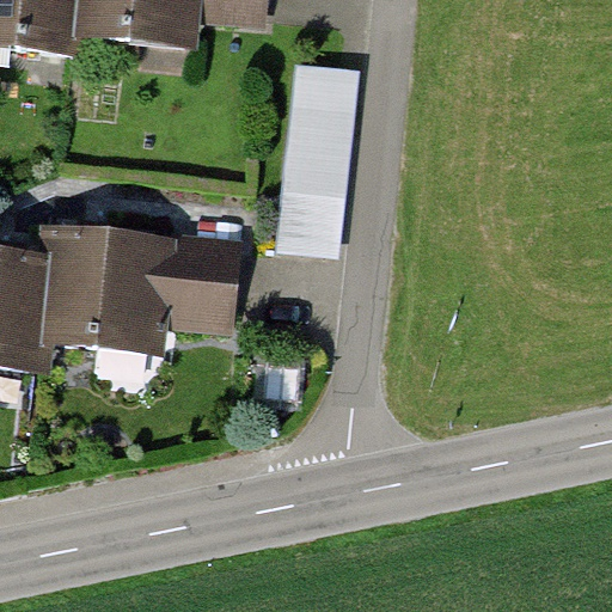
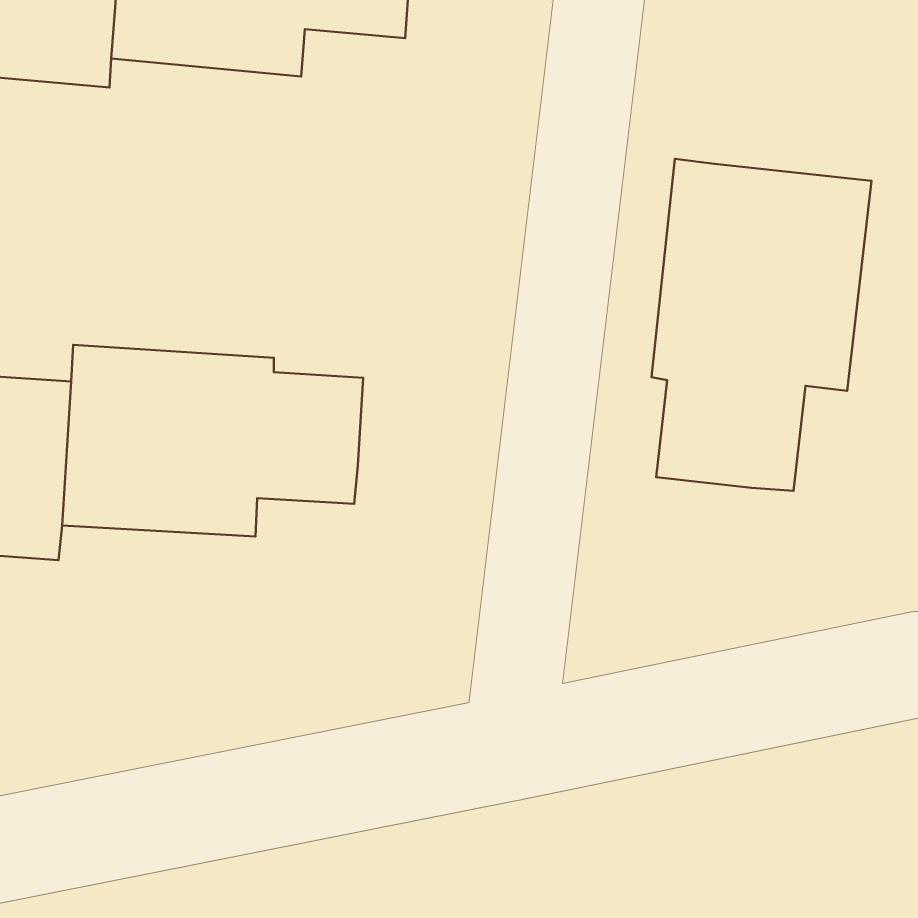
building: [273,59,361,259] -> none
building: none -> [651,159,871,491]

